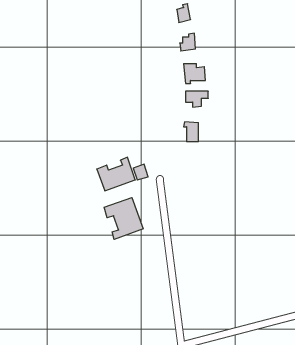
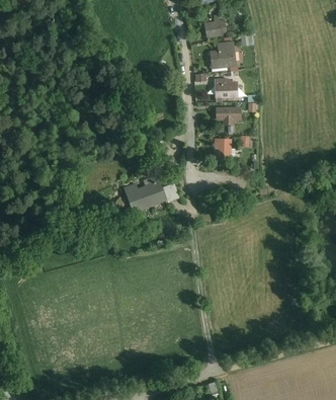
building: [104,198,143,239] -> none

